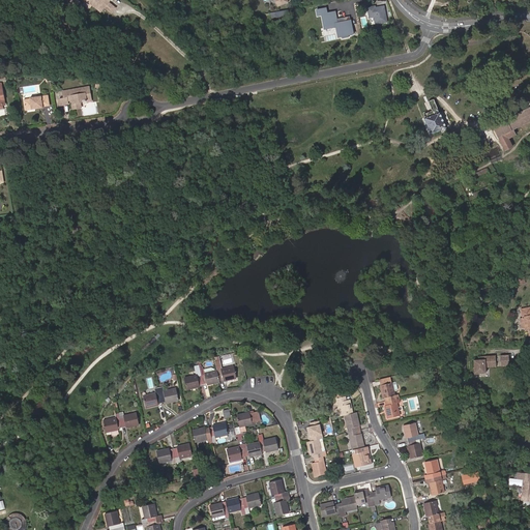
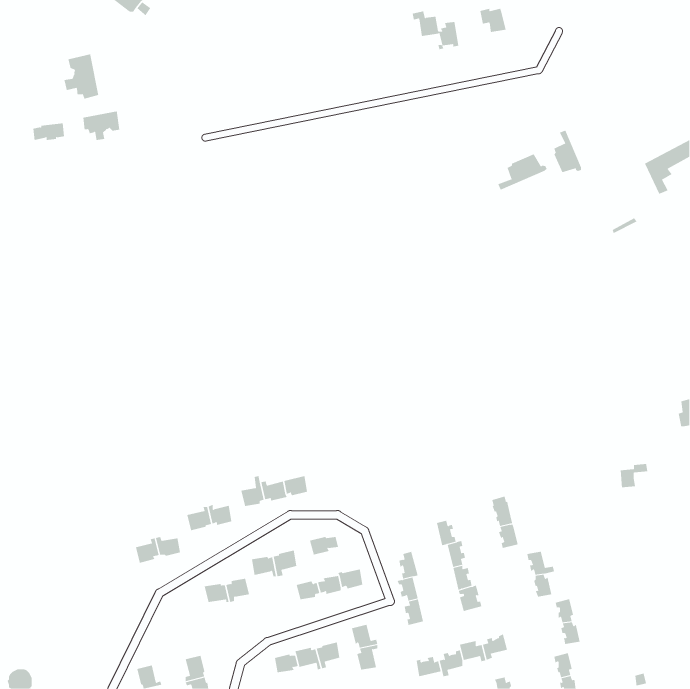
building: none -> [64,53,99,99]
building: none -> [498,154,548,190]

